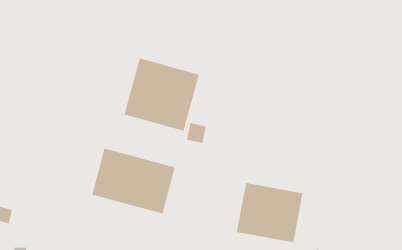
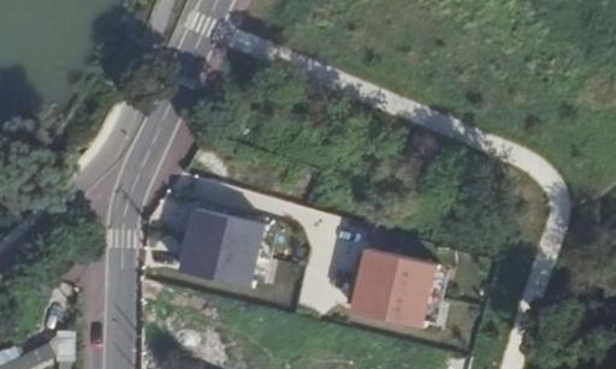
building: [124,58,199,131] -> none

